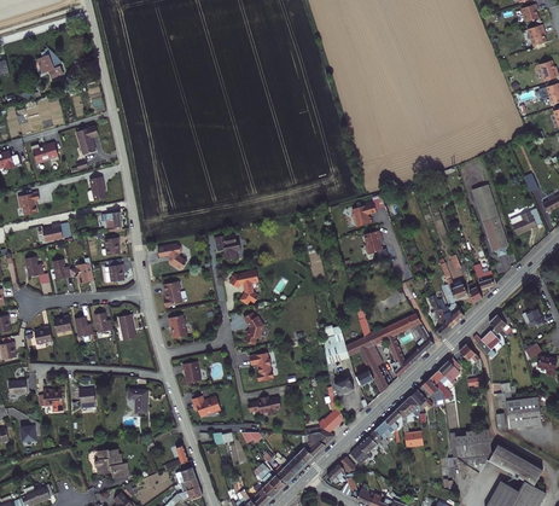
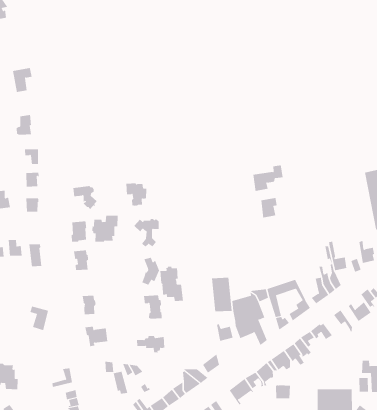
building: none -> [92,215,118,242]
building: none -> [160,266,183,302]

